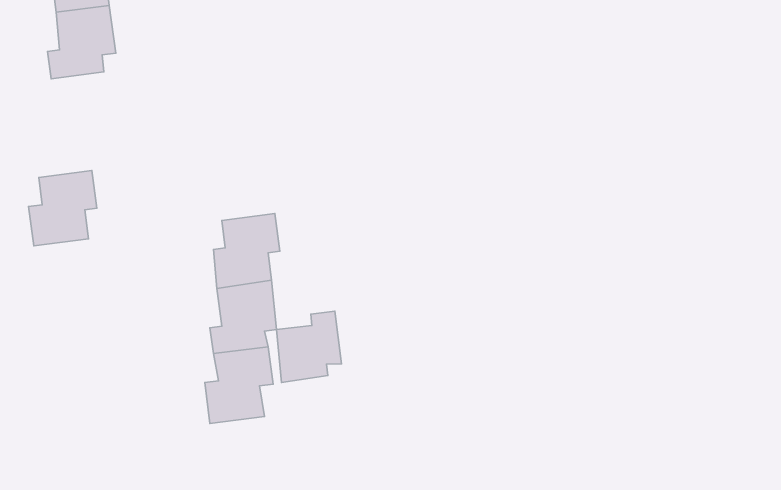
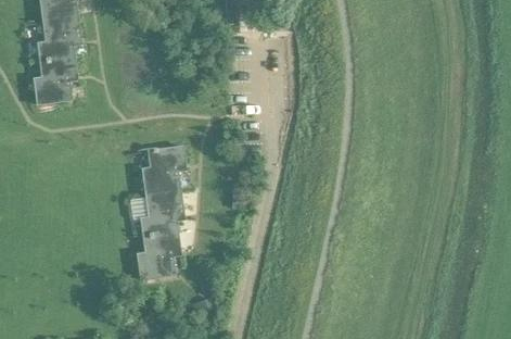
building: [29,171,97,246] -> [33,56,76,104]
building: [277,311,341,382] -> none

